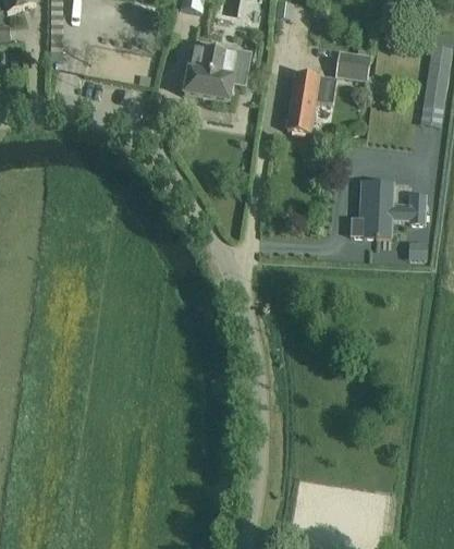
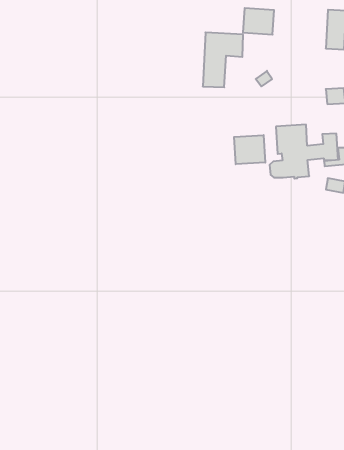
building: [183,40,250,101] -> none
building: none -> [234,135,265,164]

